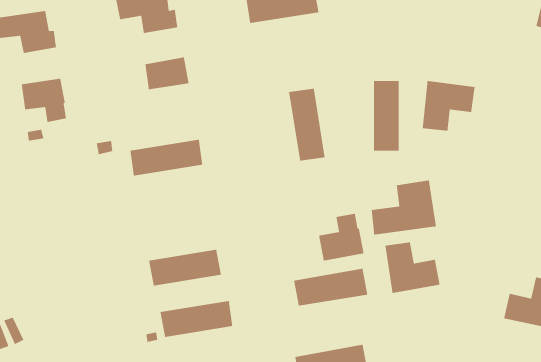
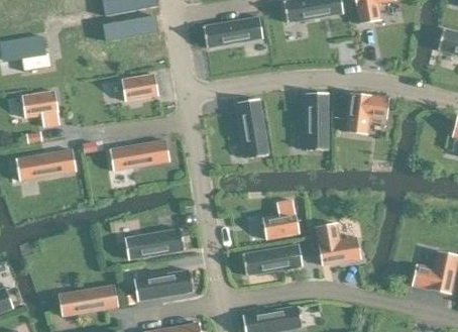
building: none -> [16,149,76,181]
building: [371,179,437,235] -> none
building: none -> [59,286,118,316]

